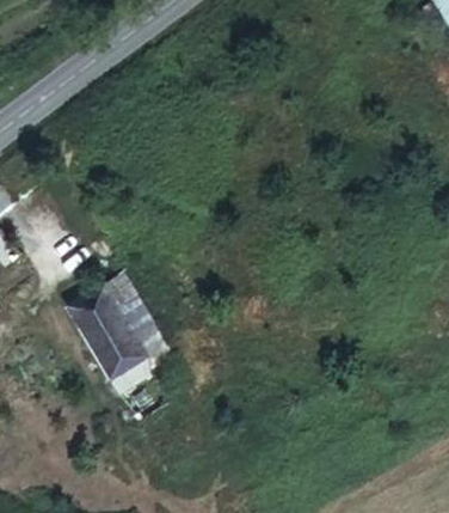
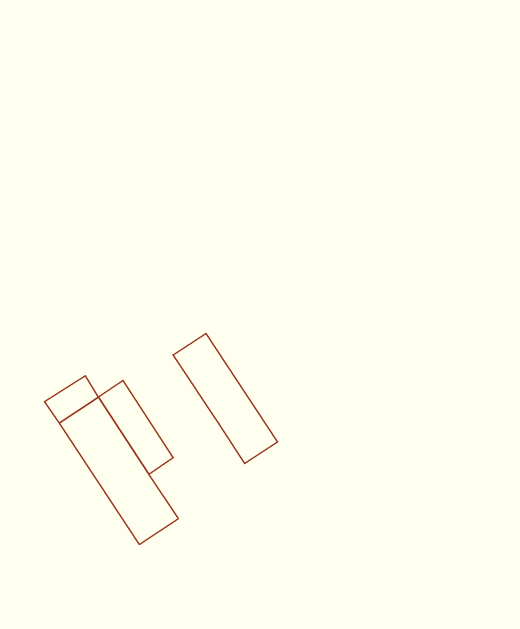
building: none -> [173,333,277,464]

